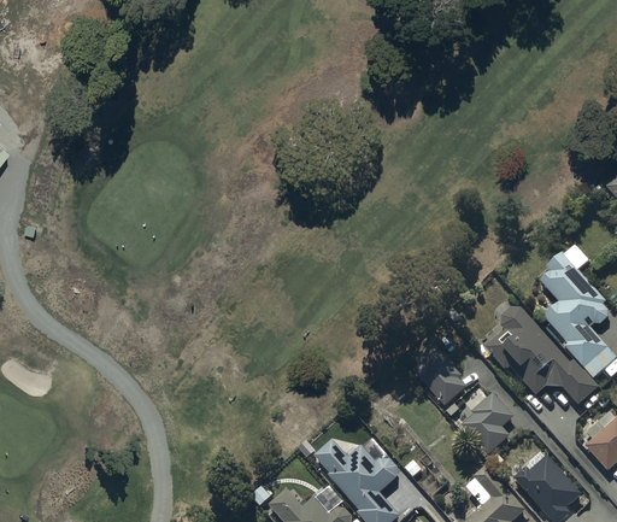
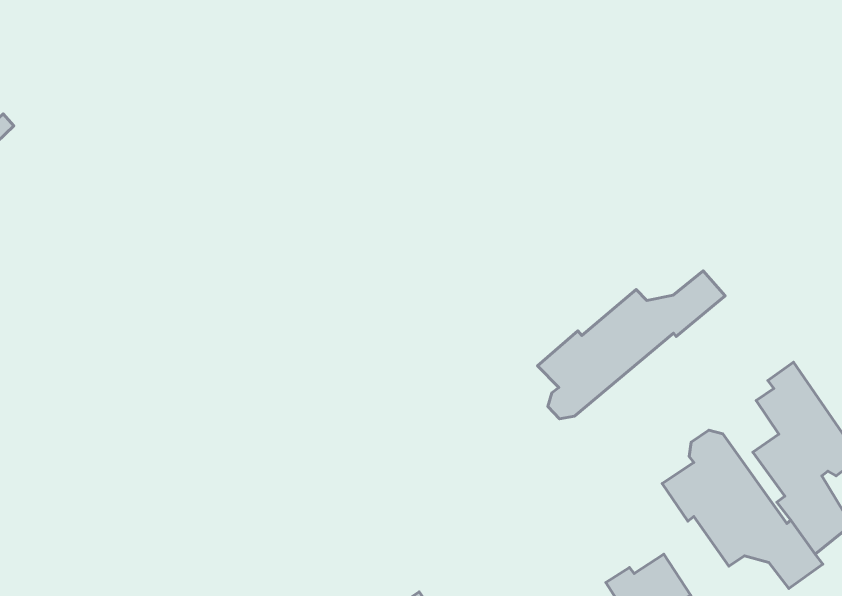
building: none -> [537,271,725,419]
building: [412,344,468,406] -> none

